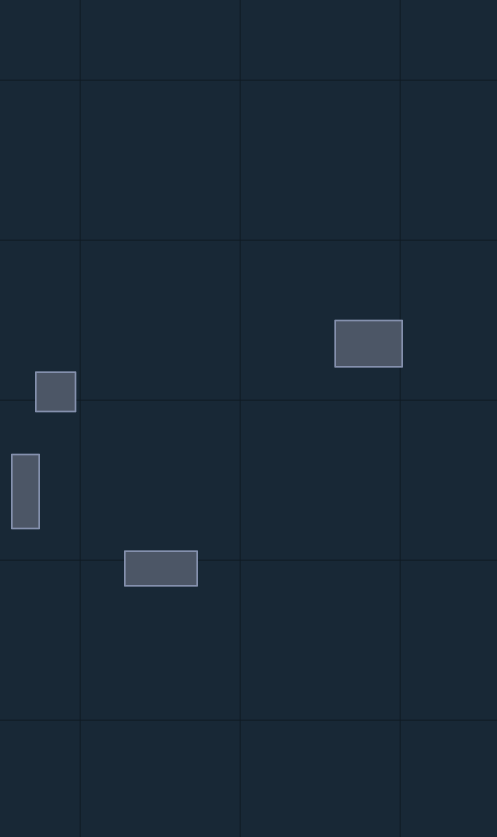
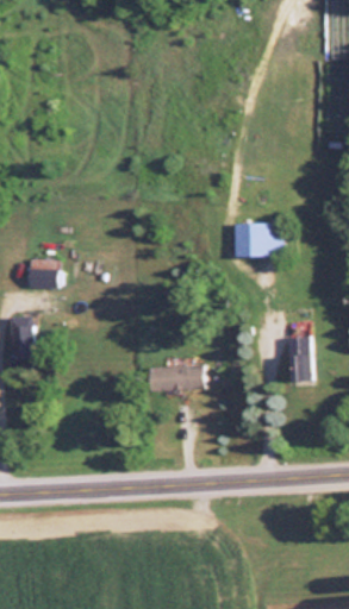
building: none -> [291,337,311,382]
building: [125,551,197,586] -> [150,366,200,390]

